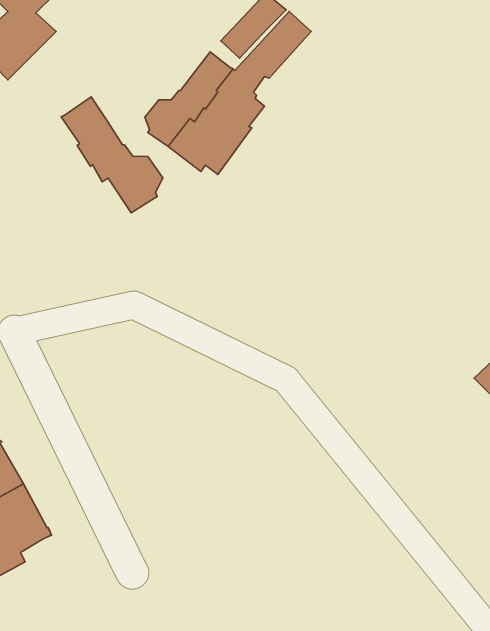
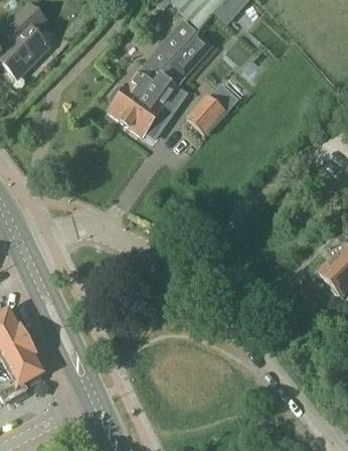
building: none -> [188,80,239,134]
building: [61,97,163,213] -> none

